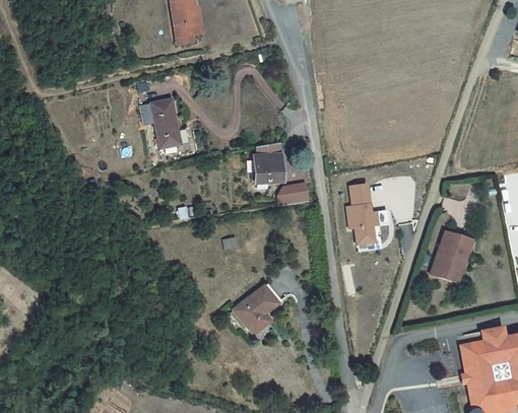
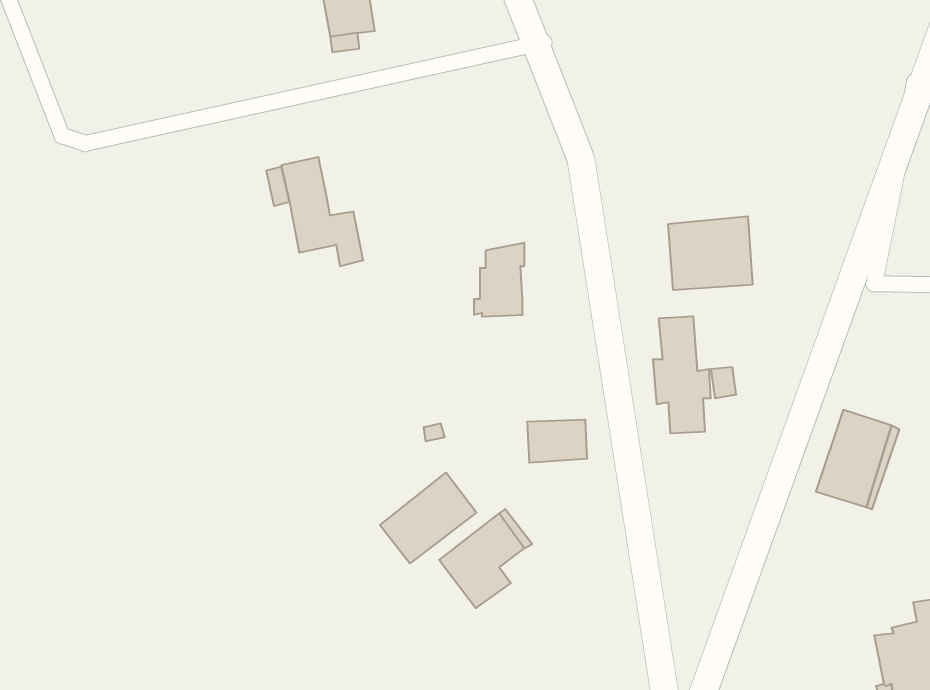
building: none -> [668,216,752,290]
building: [279,180,311,202] -> [527,420,587,463]
building: none -> [380,473,477,563]

